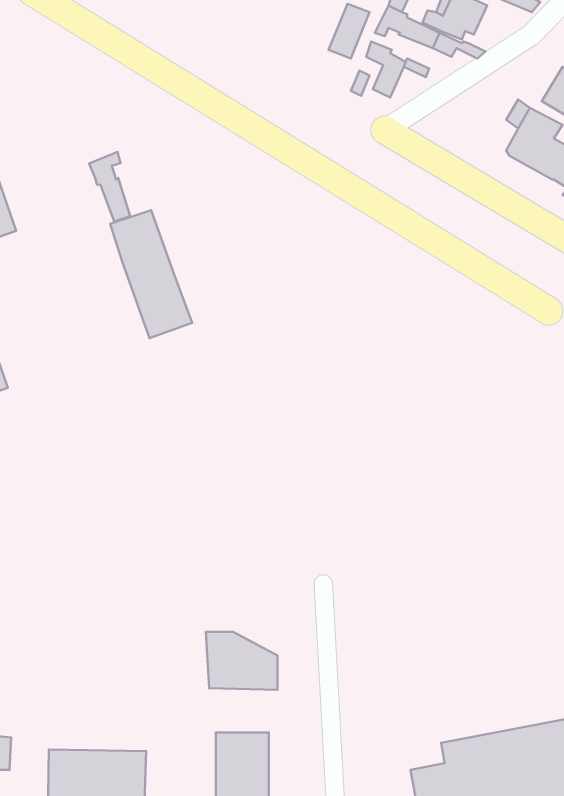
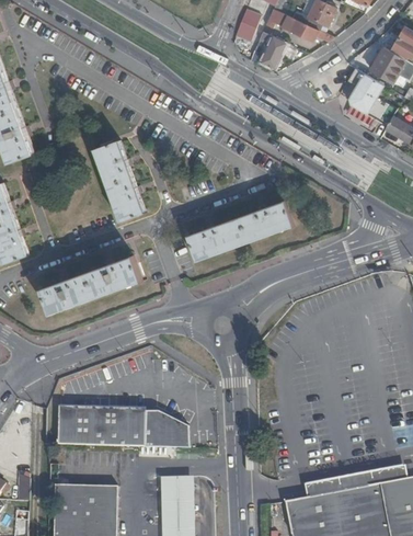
building: [89,152,130,222] -> none
building: none -> [186,201,292,261]
building: none -> [38,254,140,312]
building: none -> [65,407,157,447]

